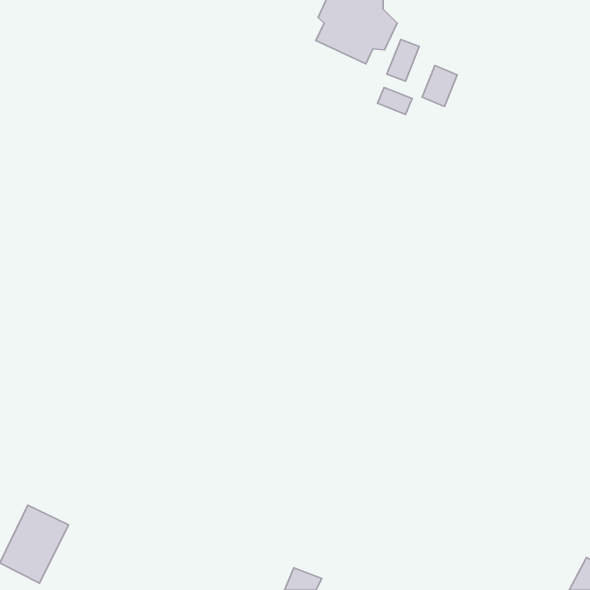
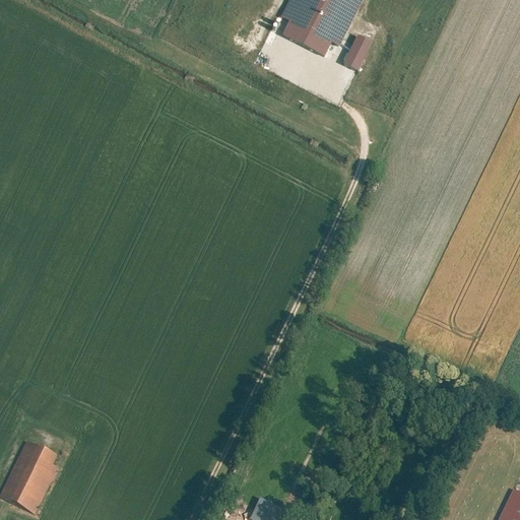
building: [422,65,457,106] -> none
building: [378,87,412,114] -> none

